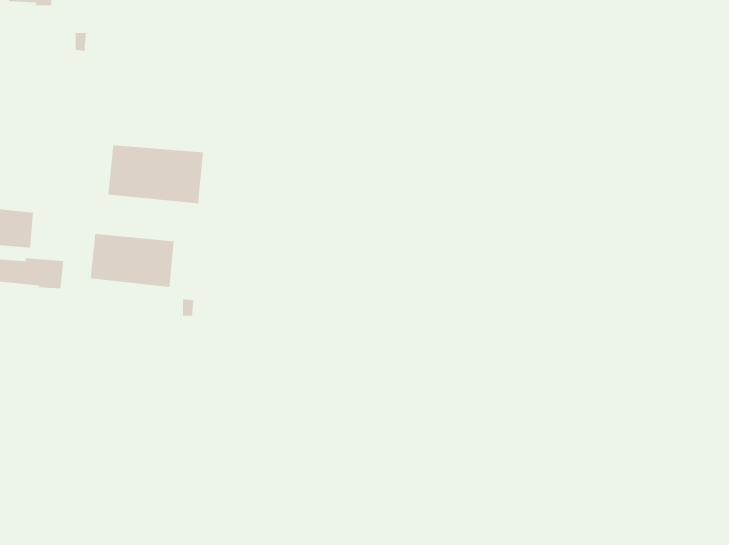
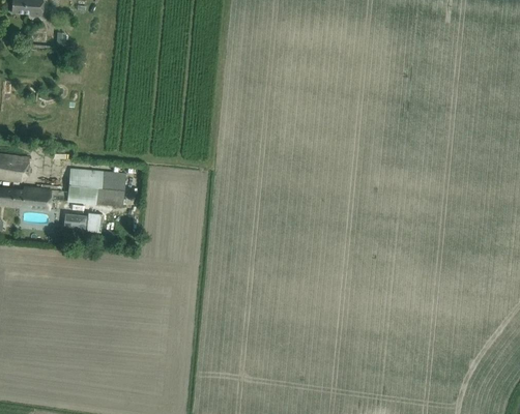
building: [108,144,204,204] -> none
building: none -> [63,211,103,232]

